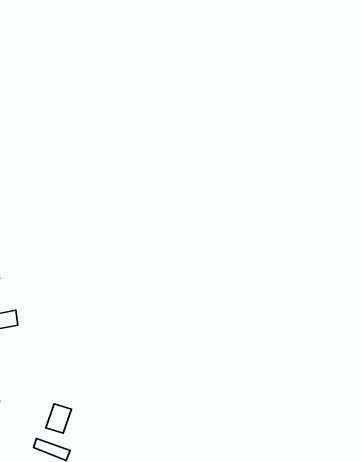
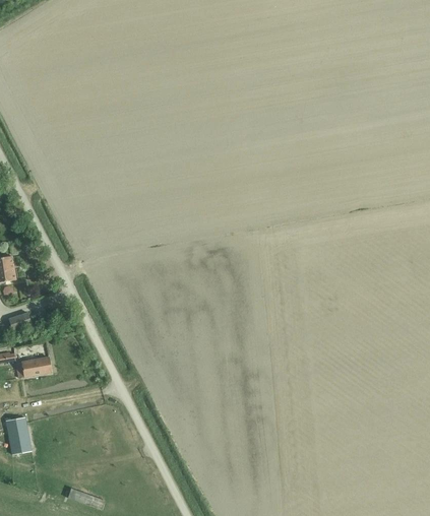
building: [46,404,72,433] -> none

